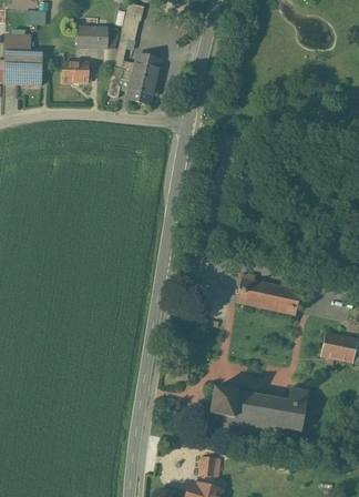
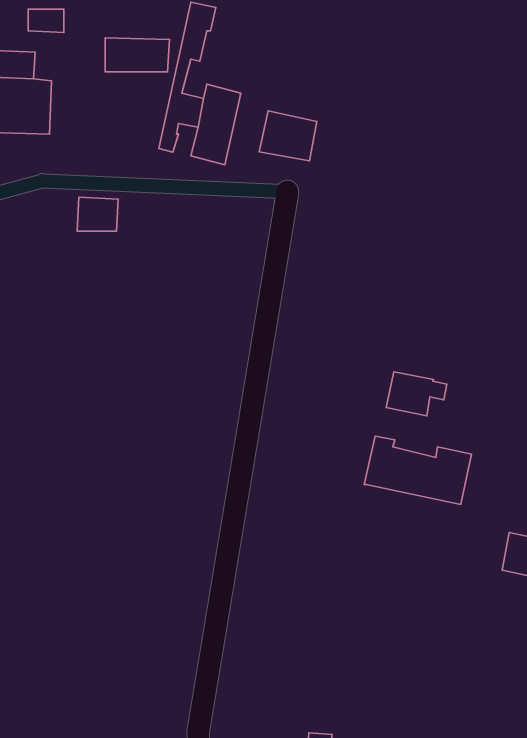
building: [63,60,89,81] -> [77,197,118,231]
building: none -> [259,111,317,161]
building: none -> [386,372,447,416]
building: [209,384,309,438] -> none

